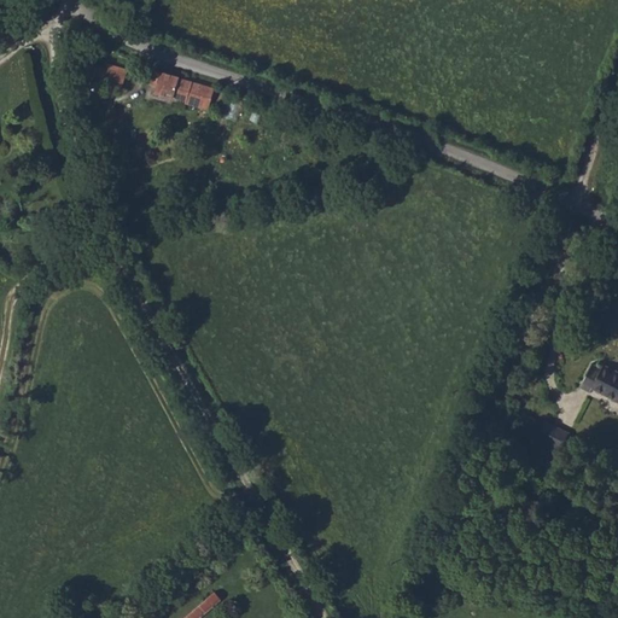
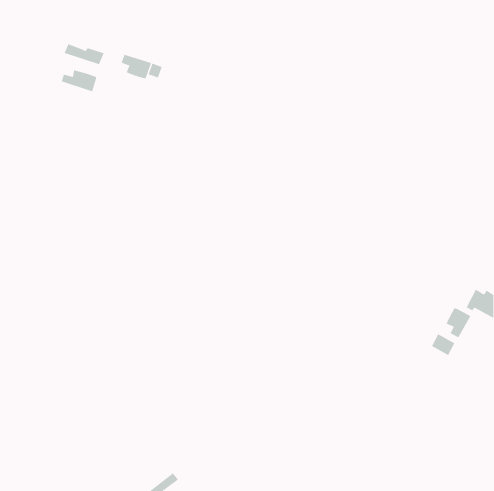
building: none -> [61,69,97,92]
building: none -> [446,307,471,338]

